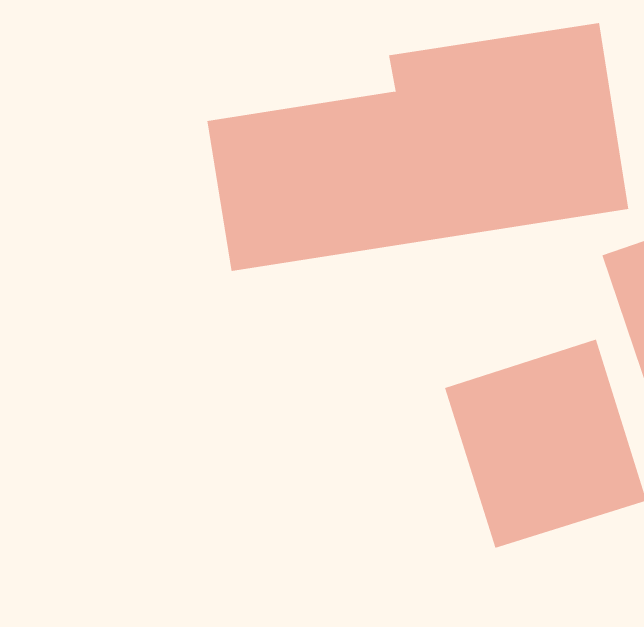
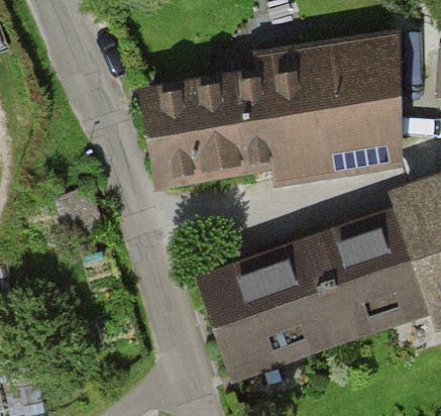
building: none -> [204,252,330,382]

